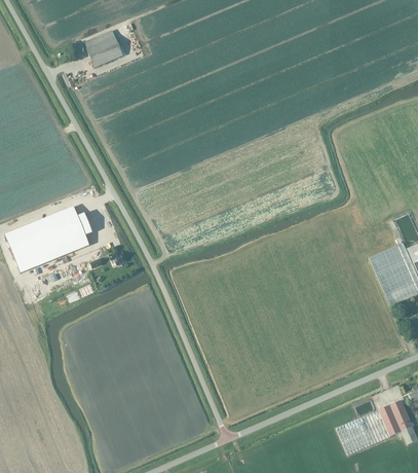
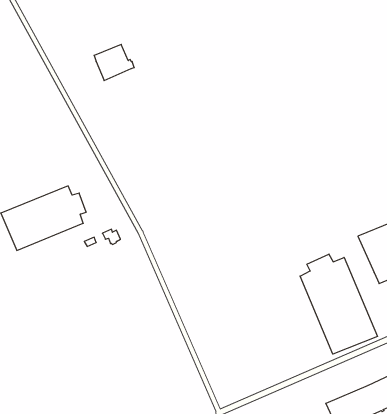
building: [84,30,125,67] -> [94,44,134,81]
building: none -> [300,254,377,354]

